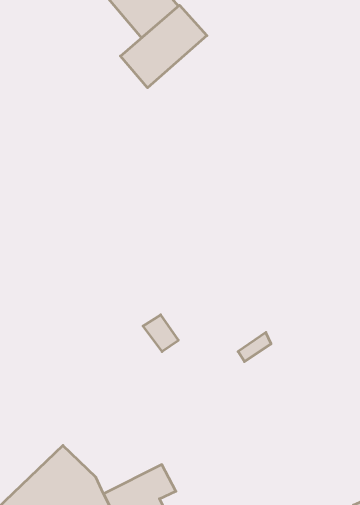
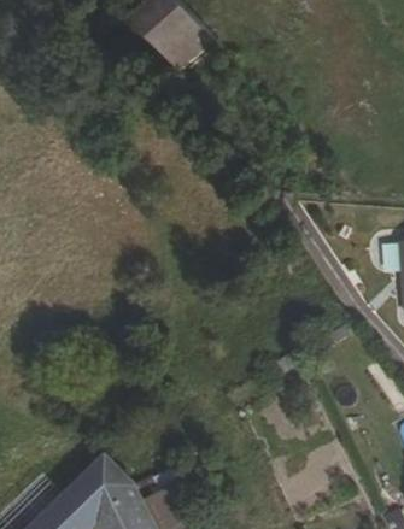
building: [120,5,207,88] -> none

